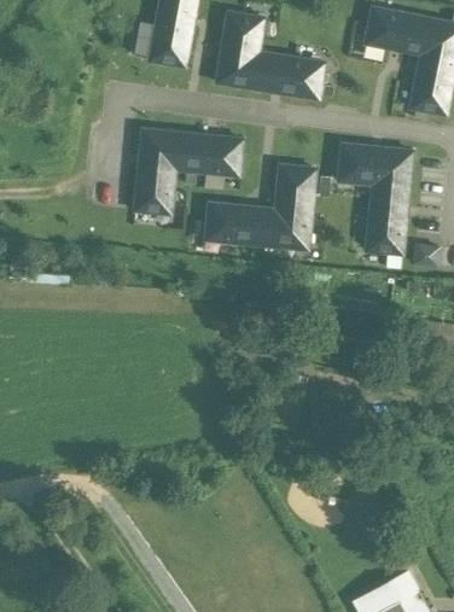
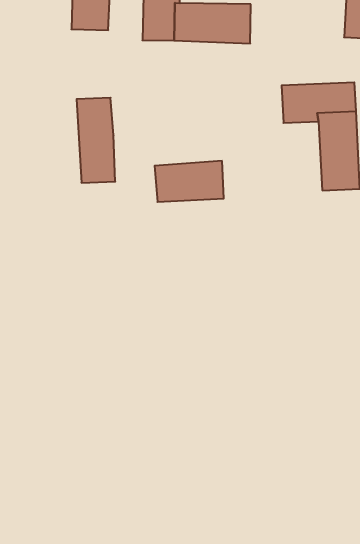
building: [174,132,241,174] -> none
building: [270,165,315,247] -> none

